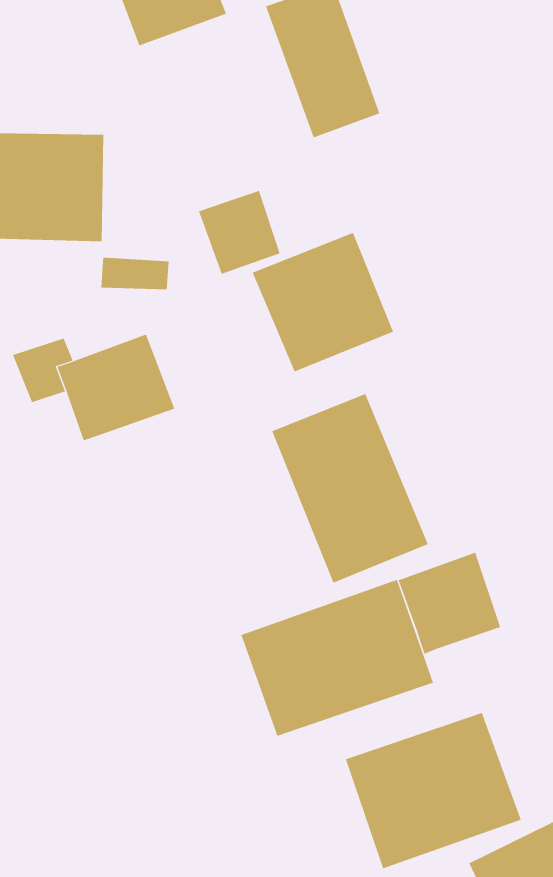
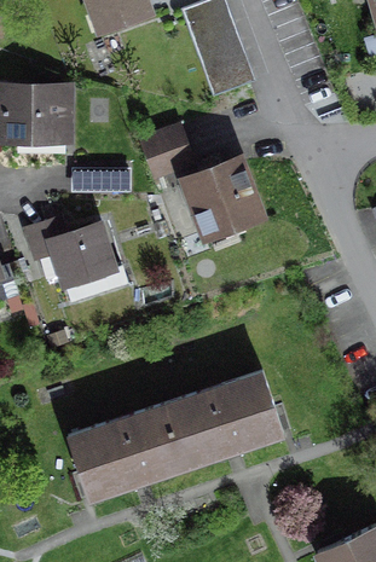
building: [271,393,428,583] -> none
building: [398,552,501,654] -> none
building: none -> [69,406,187,504]
building: [345,712,521,869] -> none

